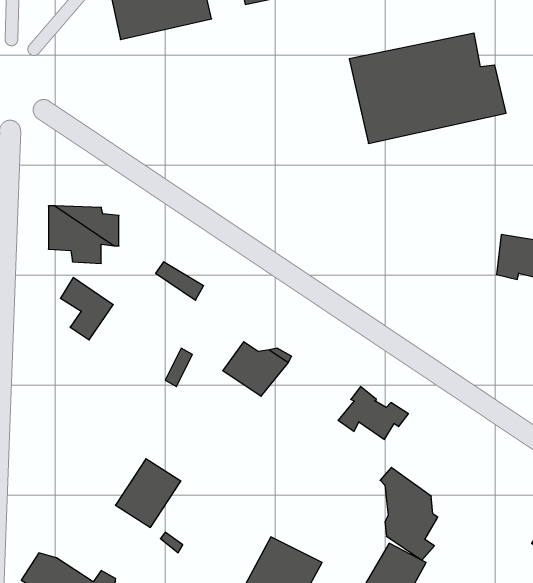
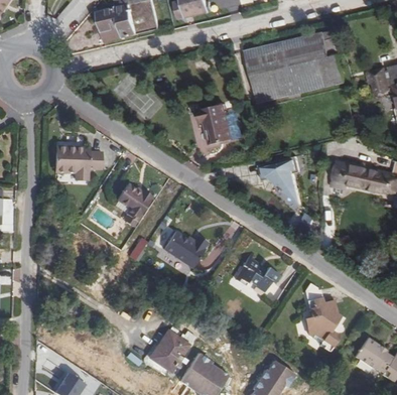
building: none -> [197,108,233,146]
building: none -> [260,157,299,202]
building: [60,277,113,340] -> [114,187,147,227]
building: [115,459,181,527] -> [145,325,186,369]
building: [380,467,438,560] -> [305,285,342,344]

